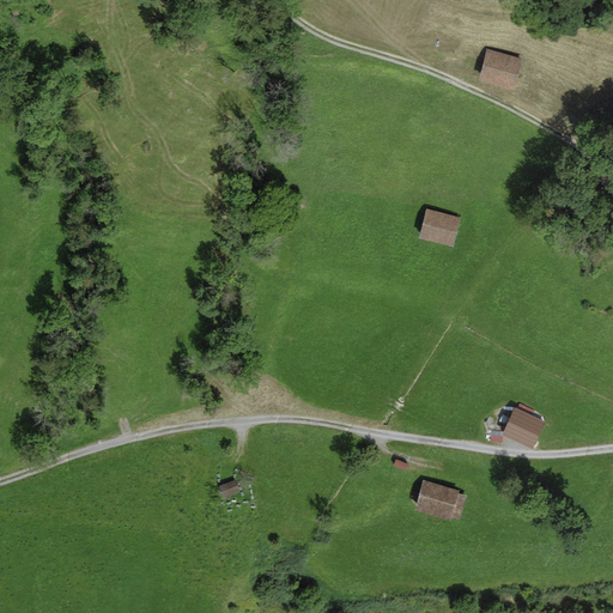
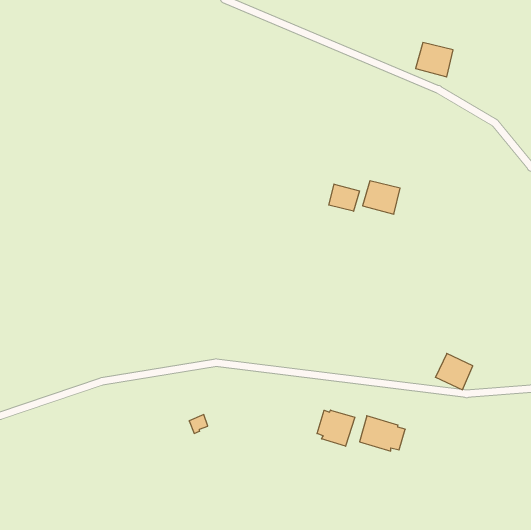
building: none -> [329,184,360,211]
building: none -> [317,410,355,446]

